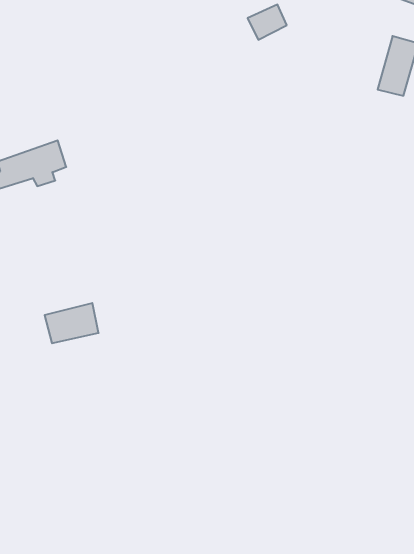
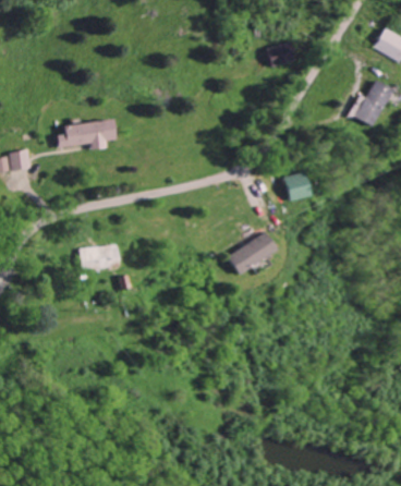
building: none -> [284,173,311,199]
building: none -> [229,232,278,274]

